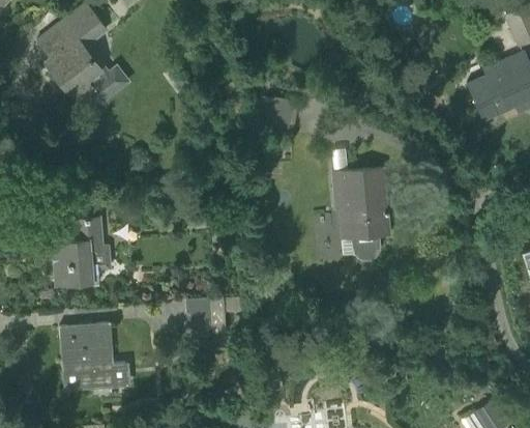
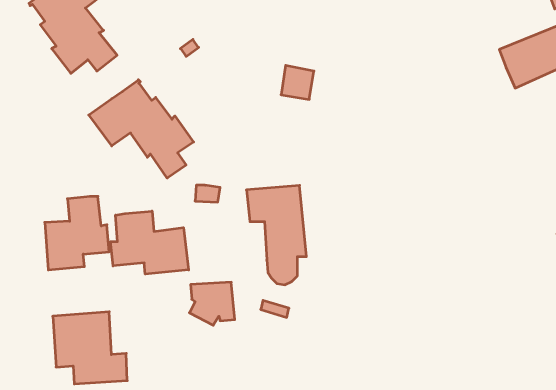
building: none -> [89,80,194,178]
building: [332,169,387,260] -> [246,185,306,285]
building: none -> [111,211,189,274]

